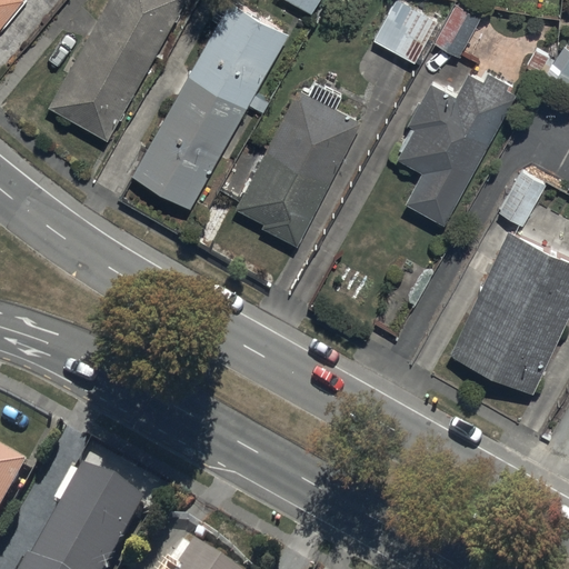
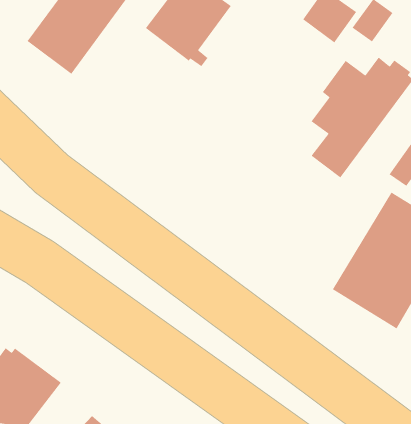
building: [132,74,246,207] -> none
building: [237,82,362,248] -> none

